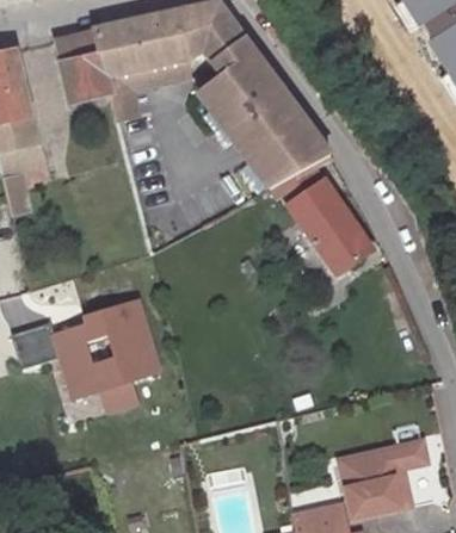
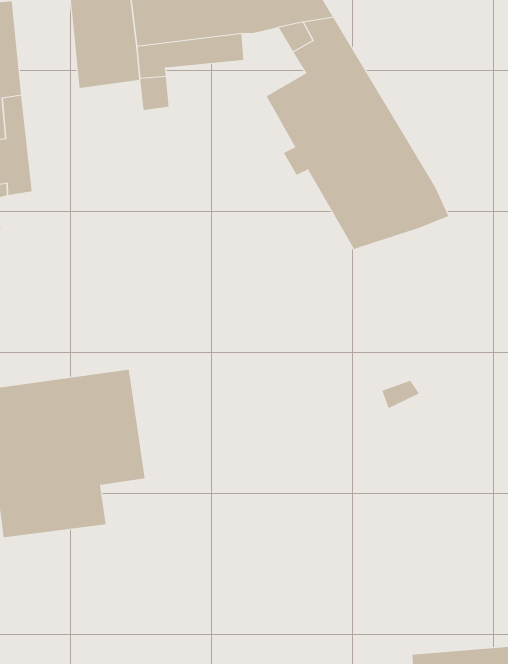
building: [277,168,375,274] -> none

